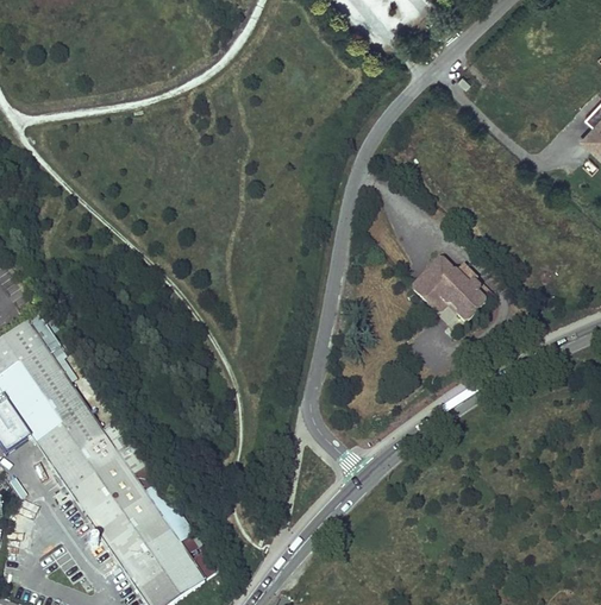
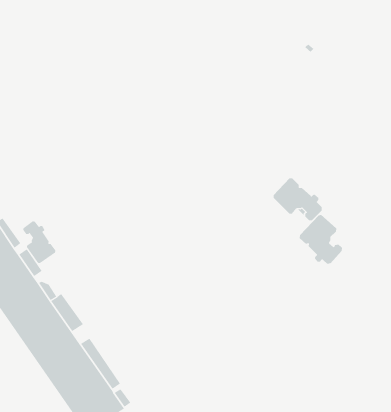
building: none -> [299,214,343,264]
building: none -> [23,221,56,264]

